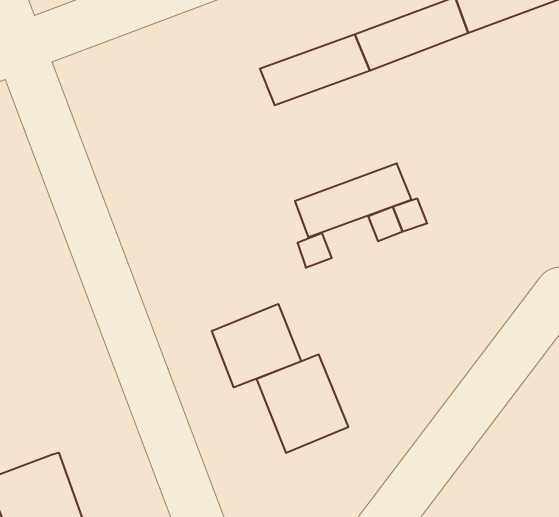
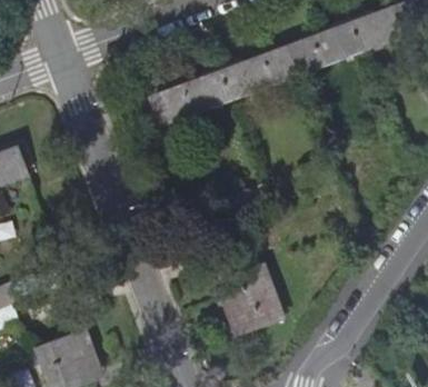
building: [295,163,412,237] -> [152,71,231,121]
building: [212,304,301,387] -> none

